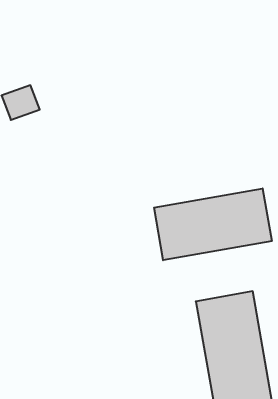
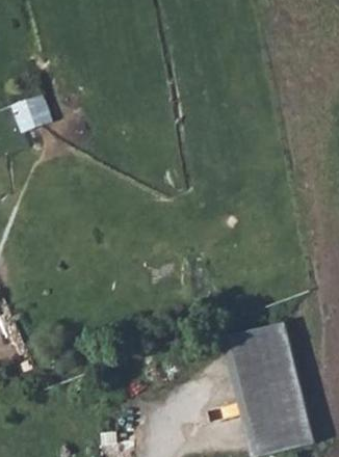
building: [154,188,272,260] -> none

